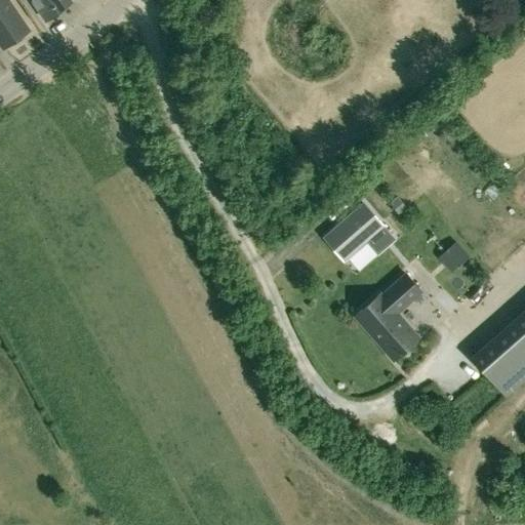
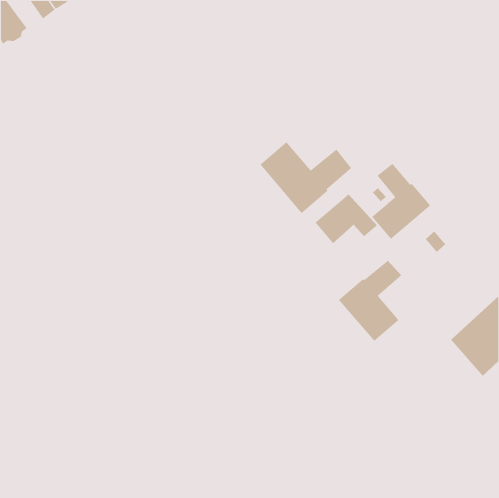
building: none -> [259,141,352,214]
building: none -> [371,163,431,240]

